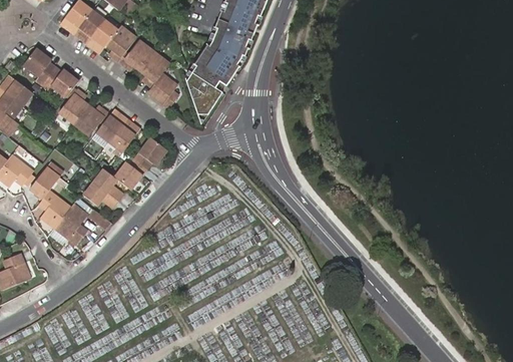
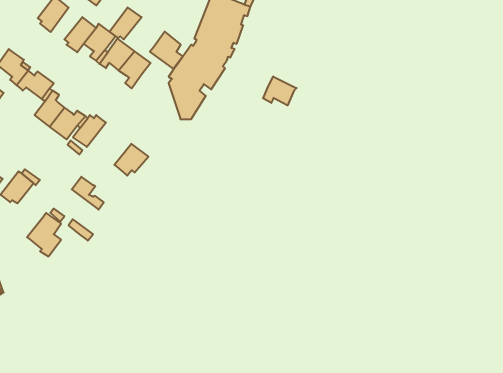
building: [75,9,105,39] -> [110,7,142,39]
building: [147,71,178,106] -> [150,32,183,69]
building: none -> [263,76,297,105]
building: [109,117,138,150] -> none
building: [115,157,147,189] -> none
building: [85,180,120,207] -> none
building: [37,190,68,226] -> none

